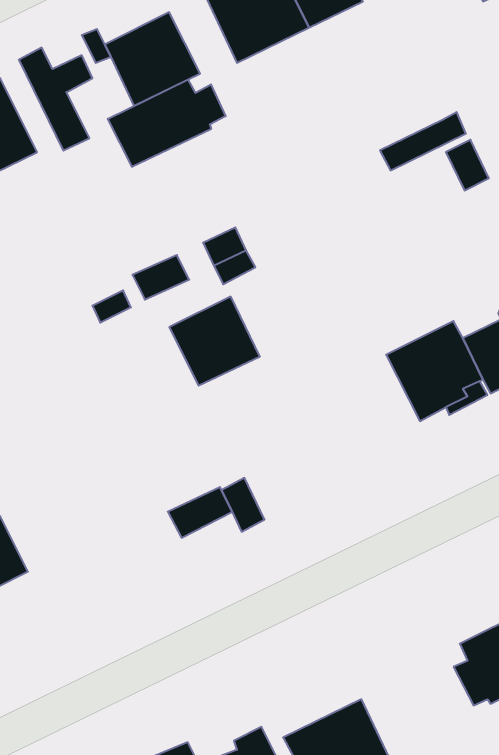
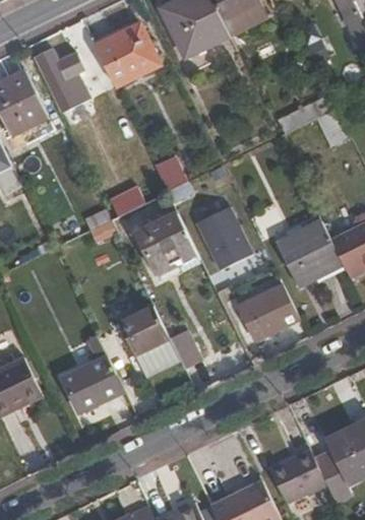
building: [108,80,226,167] -> none
building: none -> [196,207,252,270]
building: none -> [236,285,298,342]
building: none -> [119,307,169,355]
building: none -> [61,348,120,412]
building: none -> [273,452,326,503]

